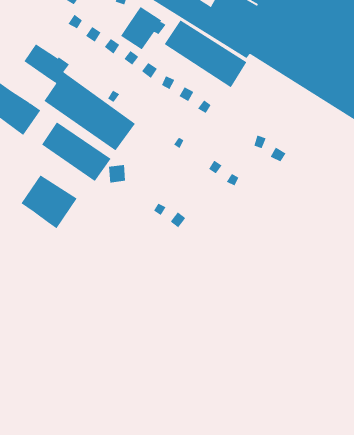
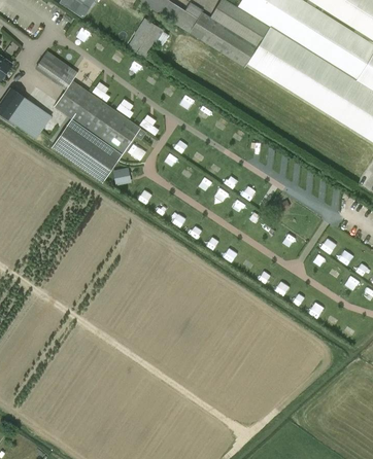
building: [164,19,247,88] -> none
building: [20,175,77,229] -> none

